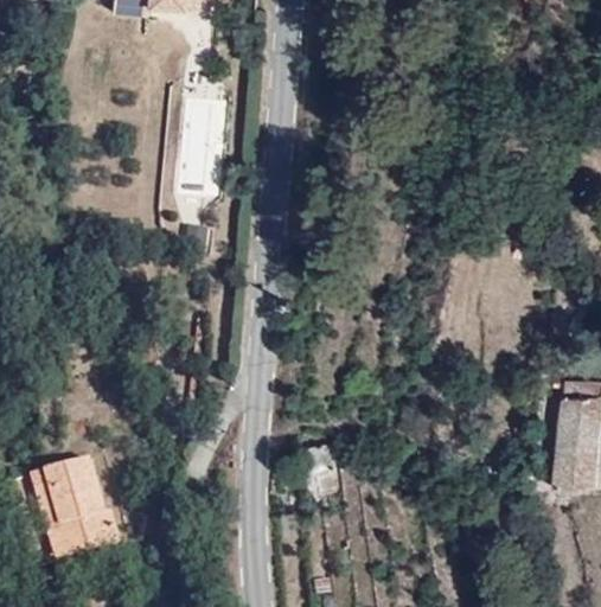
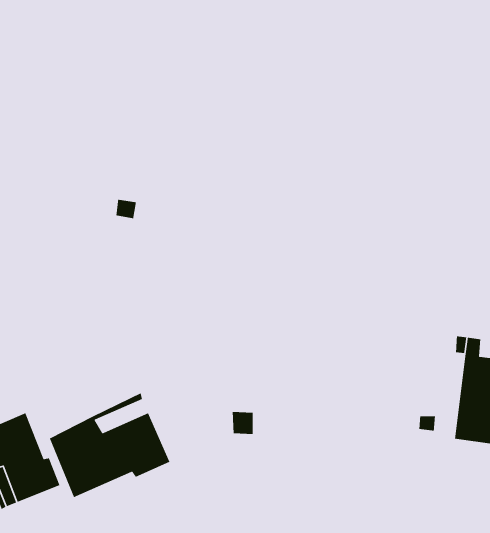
building: none -> [49,392,170,498]

